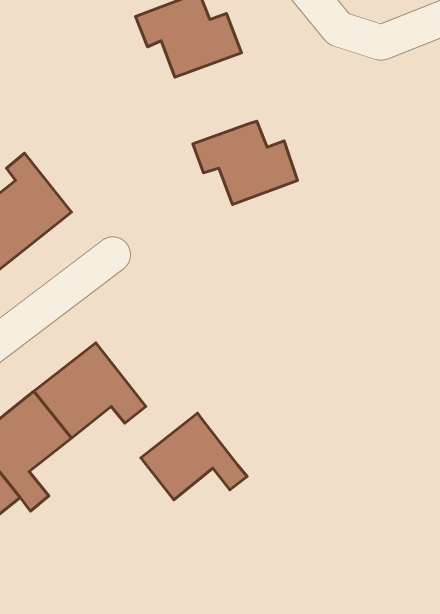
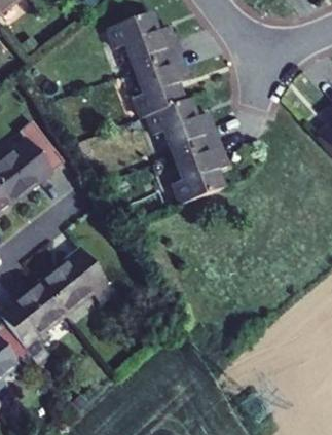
building: none -> [133,53,188,118]
building: none -> [172,140,227,205]
building: [141,413,247,500] -> none

